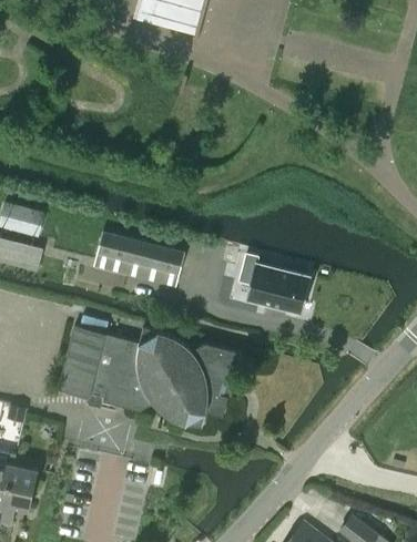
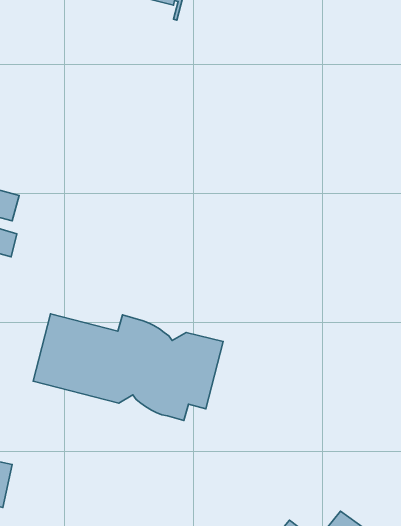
building: [91,232,182,285] -> none
building: [243,260,308,314] -> none

